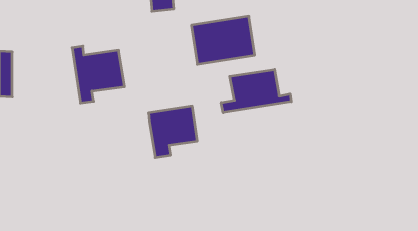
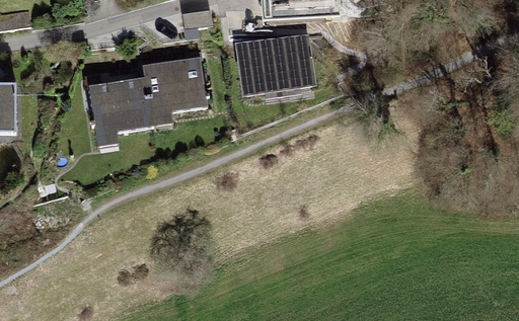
building: [221,69,291,113] -> none
building: [148,106,197,158] -> [145,60,205,123]

